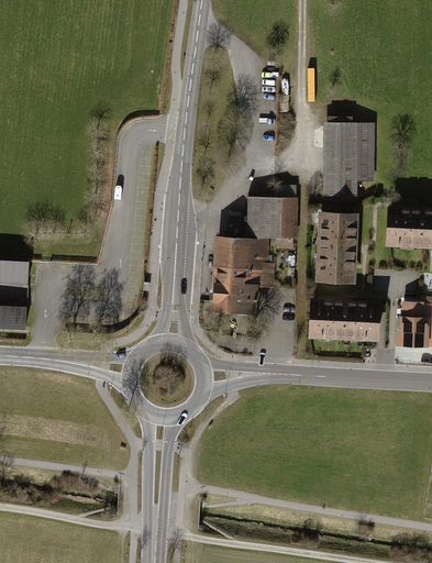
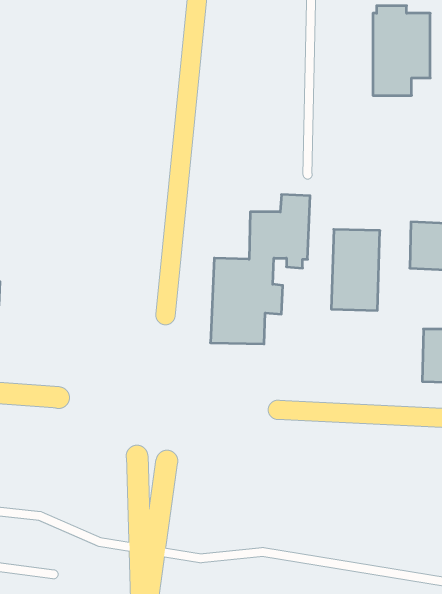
building: [324,117,375,196] -> [373,6,430,95]
building: [309,298,385,343] -> none

